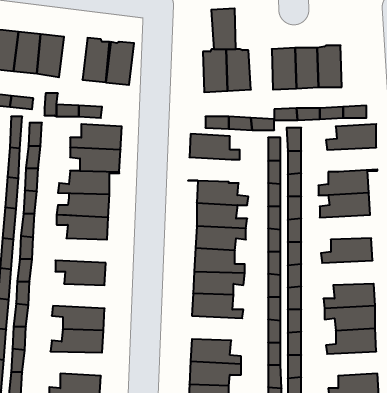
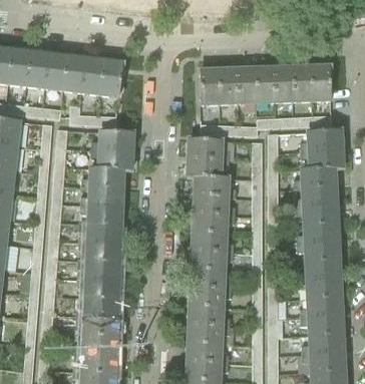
building: [211,8,236,49] -> [237,69,257,102]
building: [106,42,134,85] -> [82,59,105,94]
building: none -> [312,66,332,100]
building: none -> [301,149,342,169]
building: none -> [188,157,229,177]
building: none -> [295,205,337,225]
building: none -> [79,224,121,244]
building: none -> [297,242,339,262]
building: none -> [77,261,119,281]
building: none -> [191,287,232,307]
building: none -> [74,316,117,336]
building: none -> [301,316,342,336]

